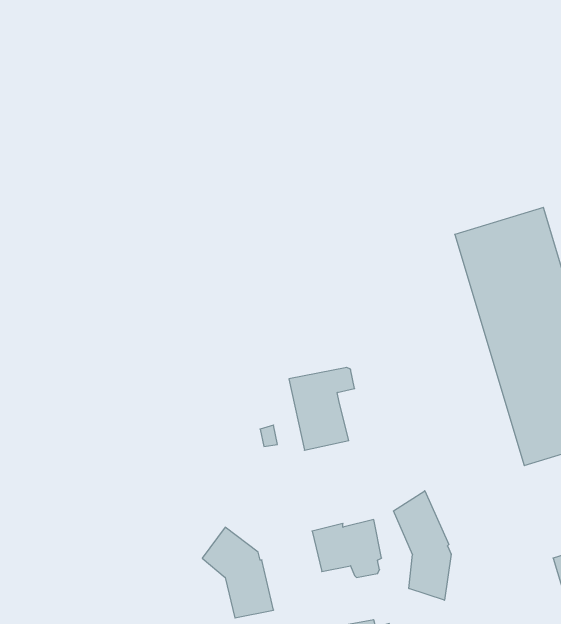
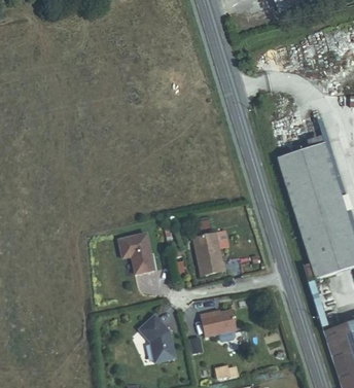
building: none -> [116,231,152,271]
building: [393,491,451,600] -> none

